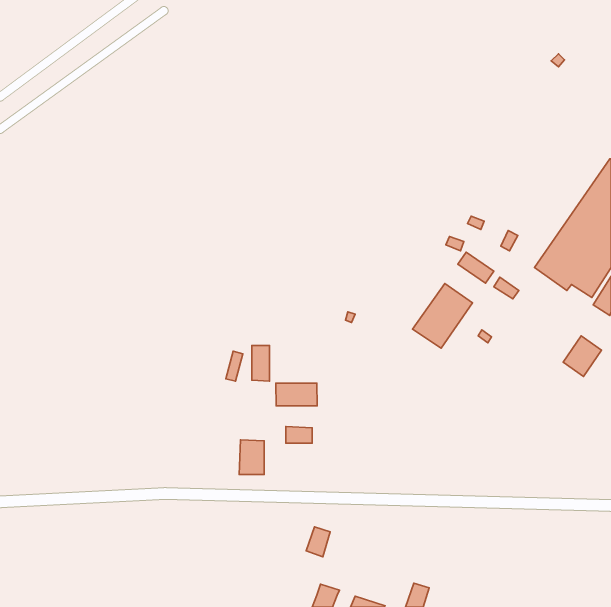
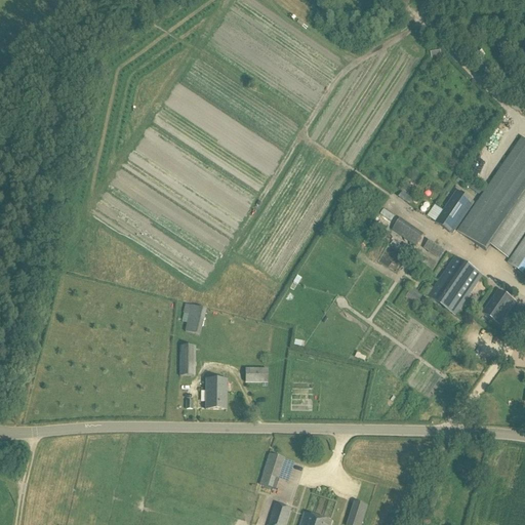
building: none -> [436,190,474,232]
building: [413,284,472,348] -> [430,256,481,312]
building: [252,345,270,381] -> [179,344,195,374]
building: [276,383,317,406] -> none

